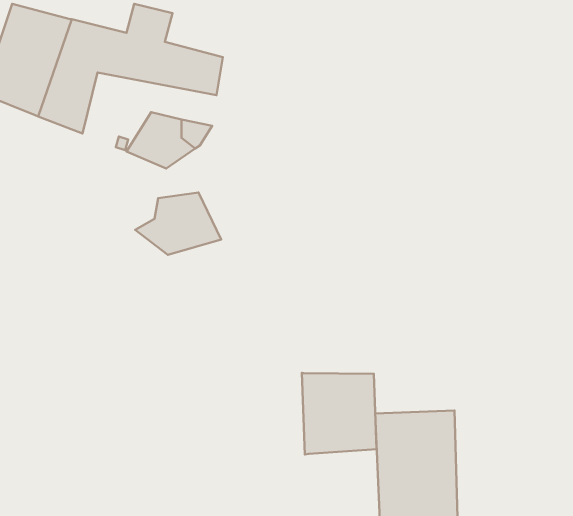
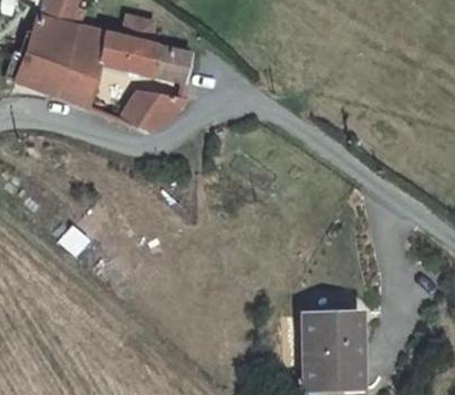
building: [135,193,221,255] -> none
building: [302,373,376,454] -> none

